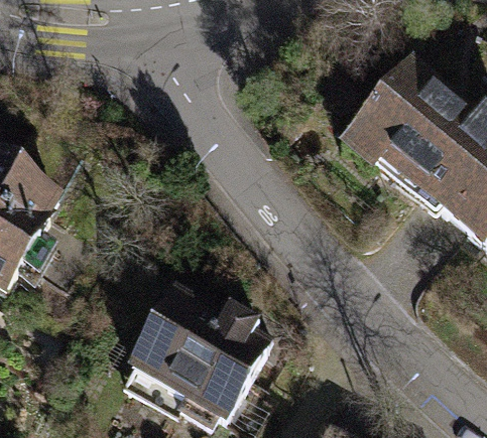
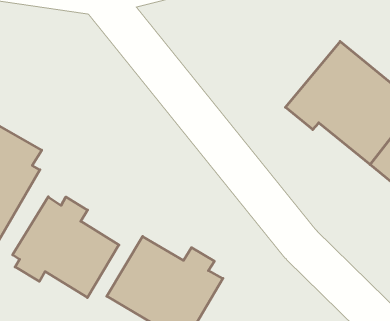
building: none -> [13,197,119,298]

